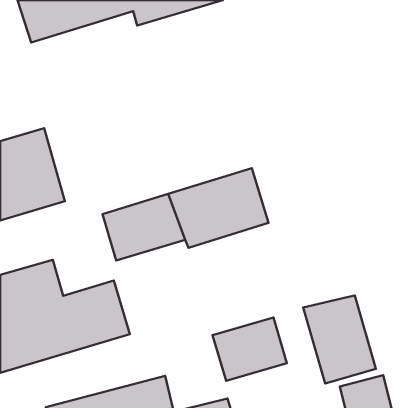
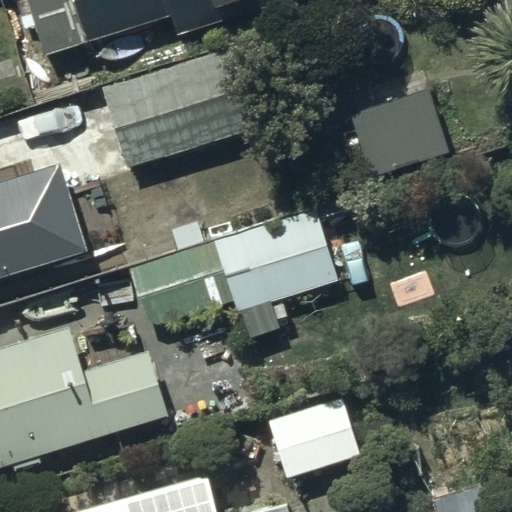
building: none -> [98,45,266,165]
building: none -> [348,88,446,176]
building: [303,295,376,383] -> none

